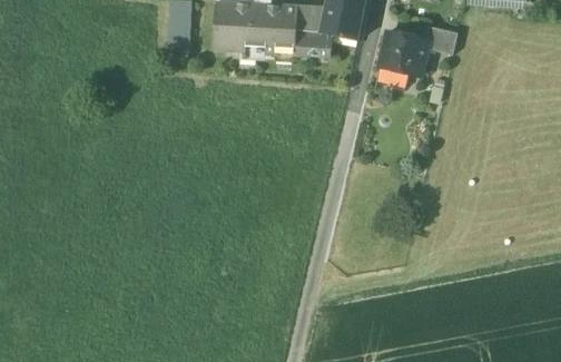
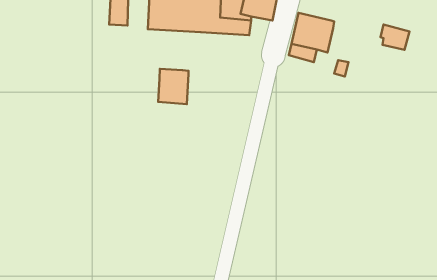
building: [424,25,457,53] -> [380,25,409,50]
building: none -> [158,69,189,104]

